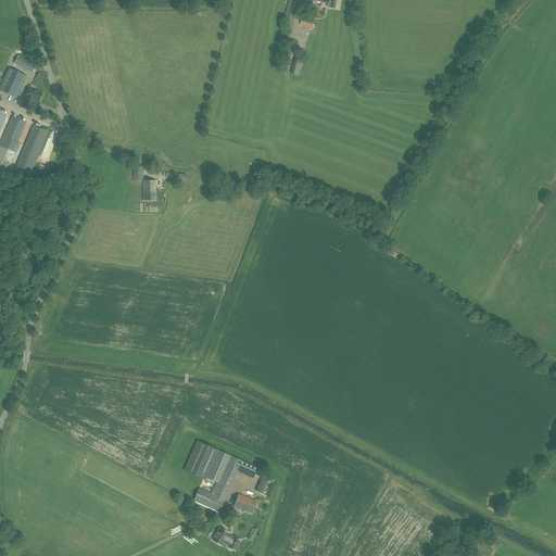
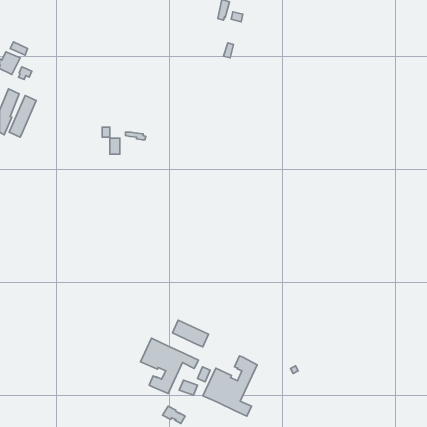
building: none -> [173,320,208,347]
building: none -> [203,356,257,416]

